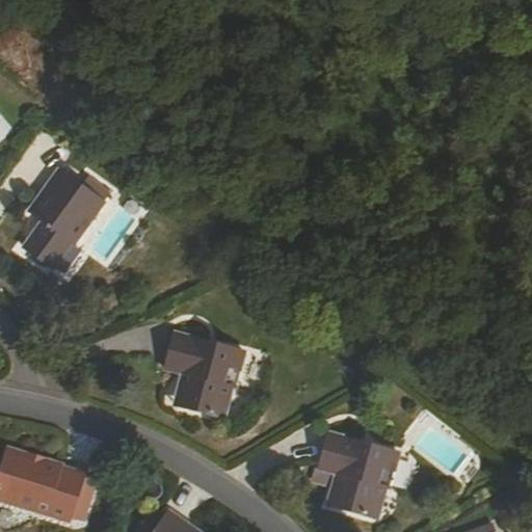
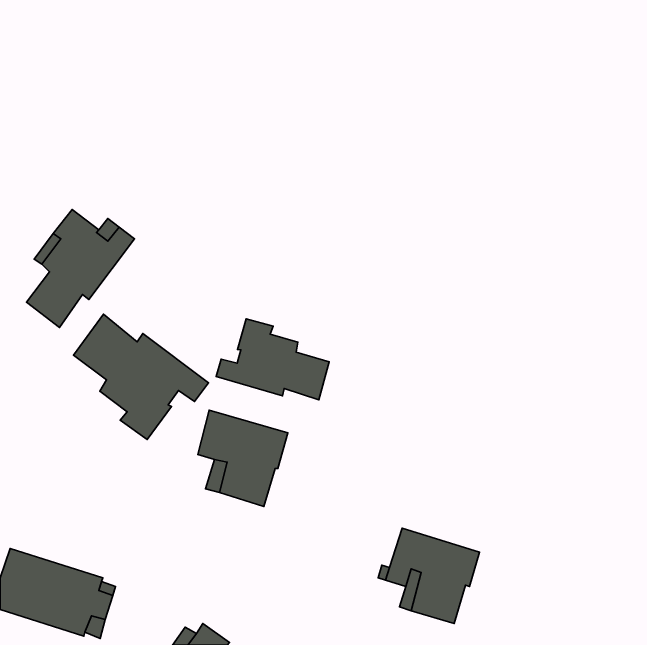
building: none -> [74,314,208,439]
building: none -> [216,319,329,400]

